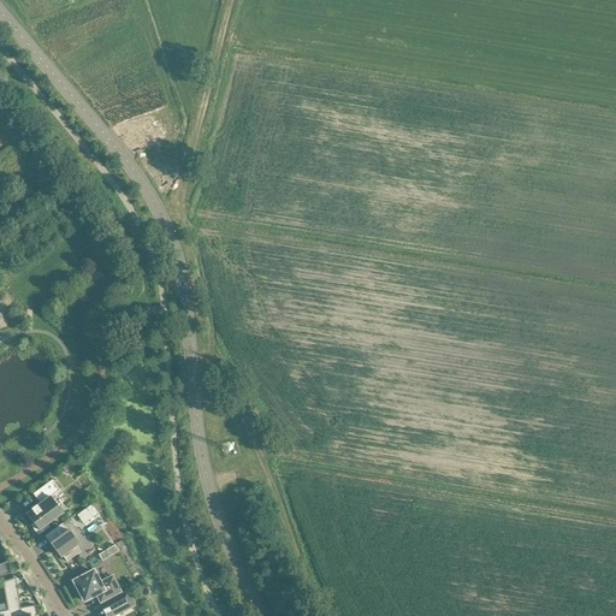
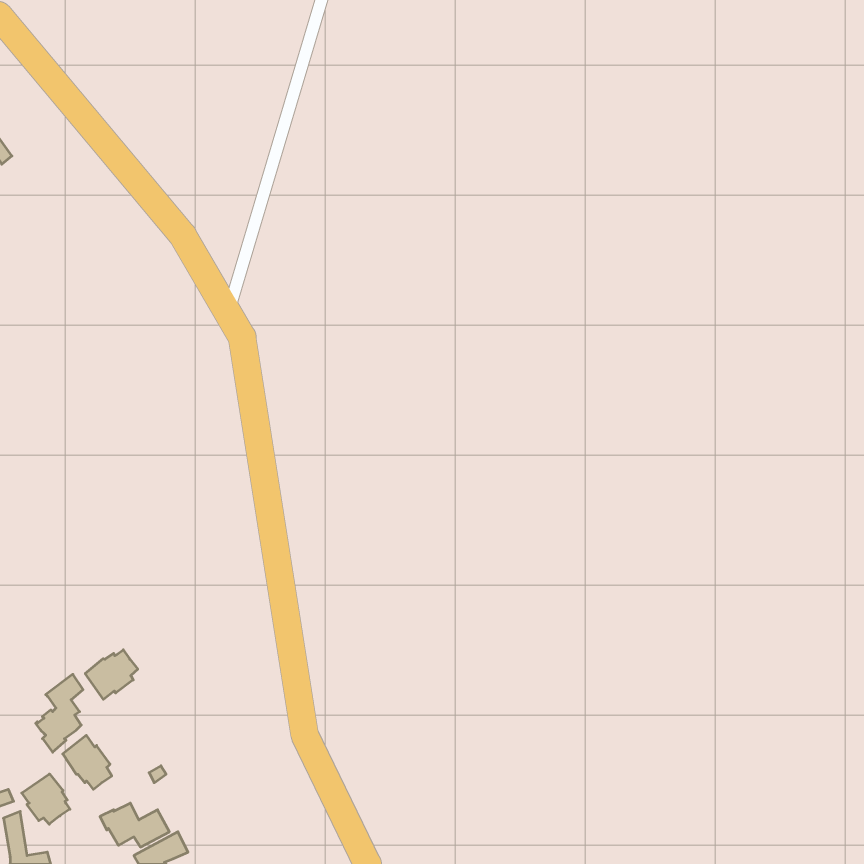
building: none -> [85,650,138,699]
building: none -> [22,774,70,824]

